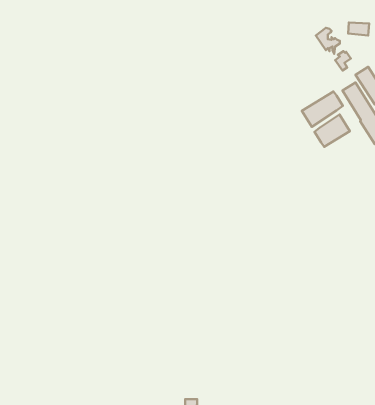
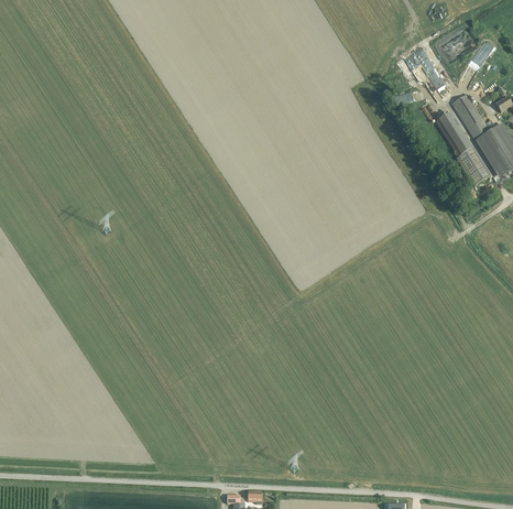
building: [302,91,343,127] -> none
building: [315,115,350,147] -> none

